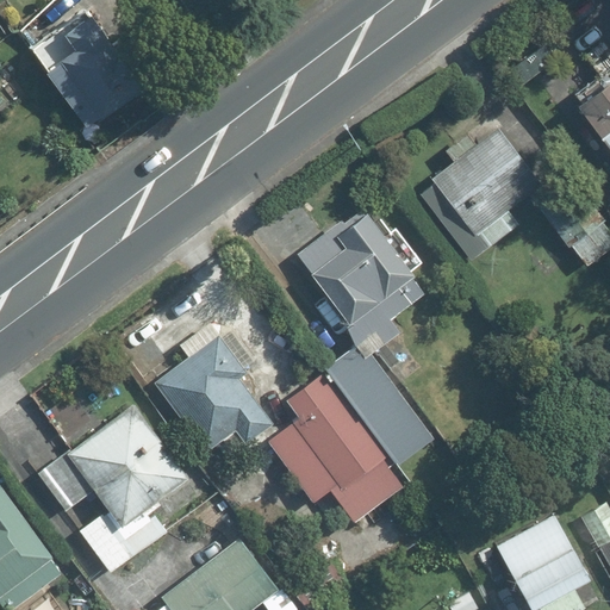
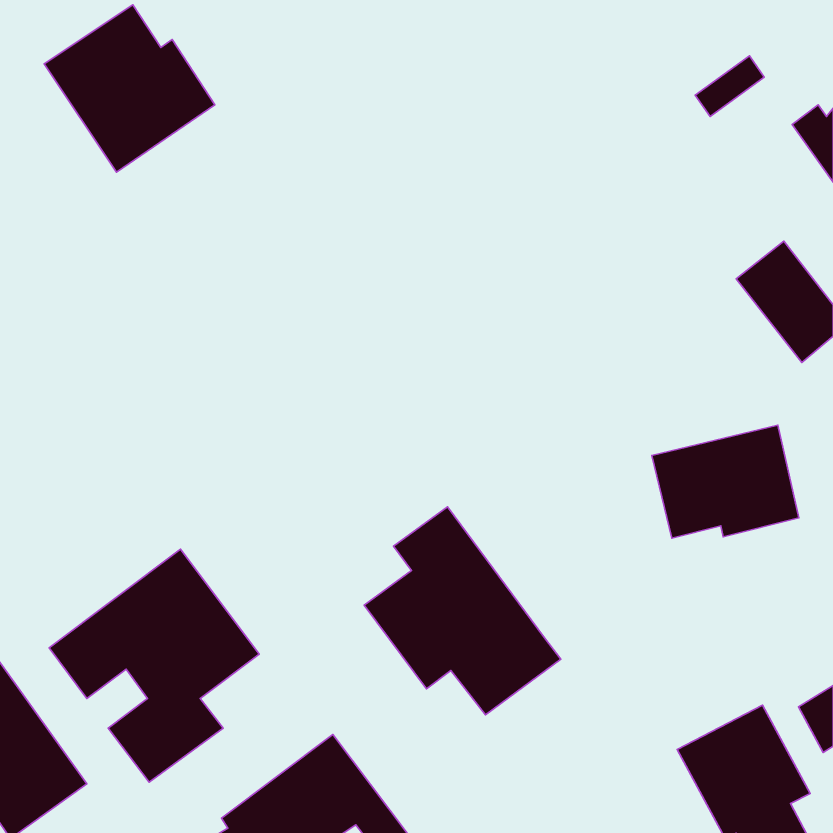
building: [421,130,540,263] -> none
building: [295,206,435,467] -> none
building: none -> [652,425,799,538]
building: [155,337,272,452] -> none

